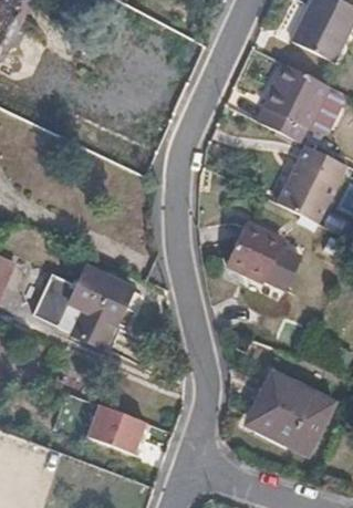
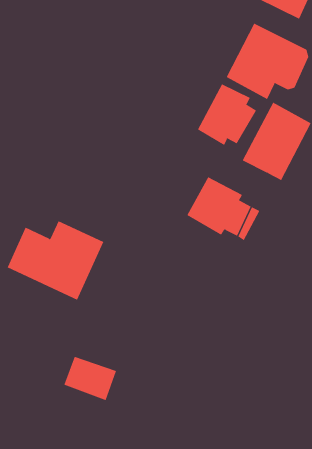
building: none -> [197,83,257,146]
building: [253,357,338,444] -> none

